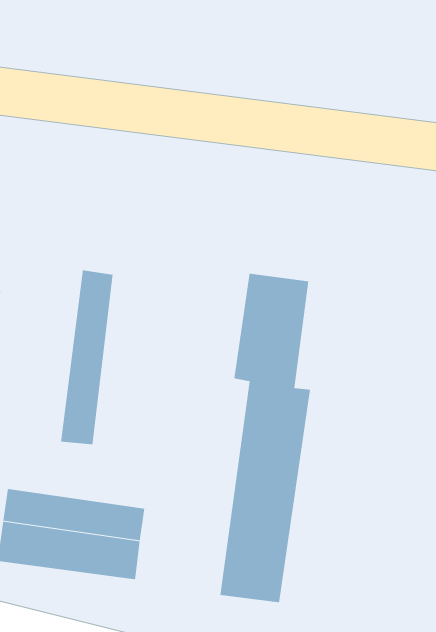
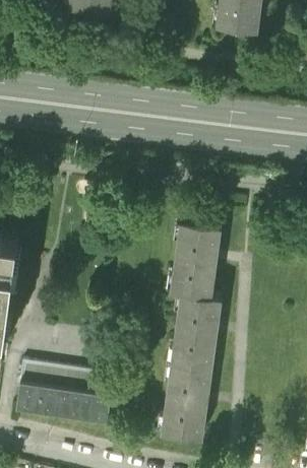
building: [60,269,113,445] -> none

